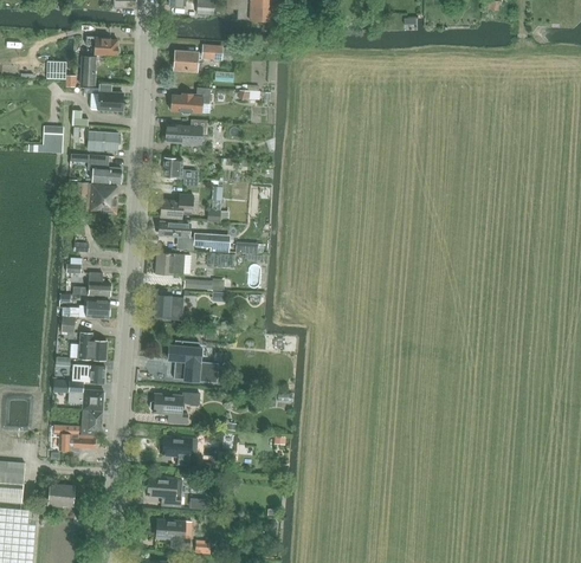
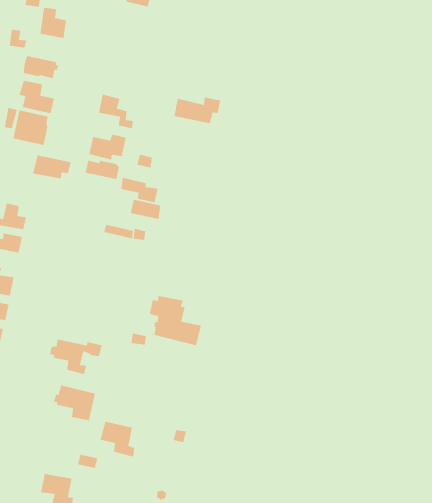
building: [169,88,211,114] -> none
building: [164,119,207,144] -> [173,97,221,124]
building: [155,253,191,274] -> [31,154,71,179]
building: [155,296,183,321] -> none
building: [168,341,219,383] -> [149,295,202,346]
building: [148,477,182,507] -> [99,421,135,458]

